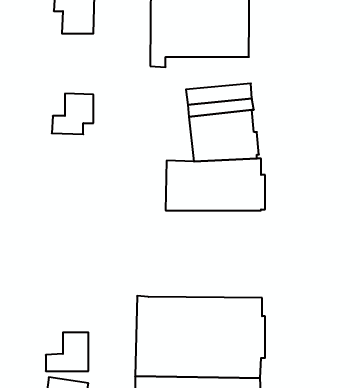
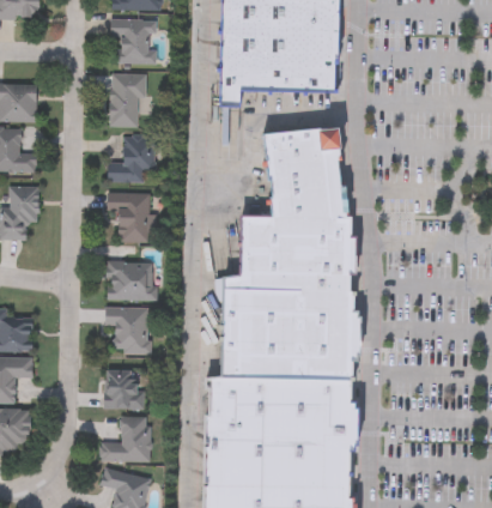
building: none -> [109,74,145,127]
building: none -> [107,192,151,242]
building: none -> [105,262,154,301]
building: none -> [220,272,362,376]
building: none -> [104,308,148,353]
building: none -> [104,369,144,409]

